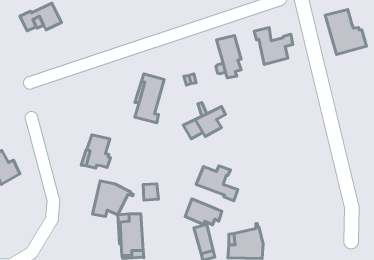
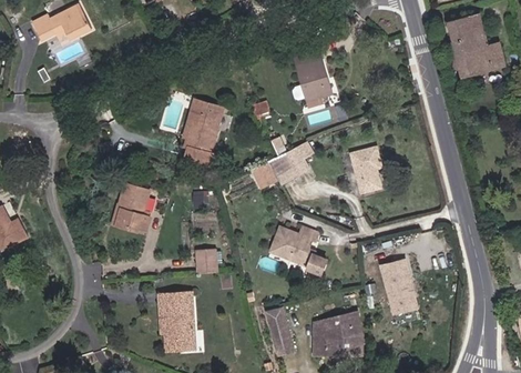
building: [254,28,293,65] -> none
building: none -> [350,150,378,195]
building: [93,181,133,217] -> none
building: none -> [378,262,413,314]
building: [185,199,222,225] -> none

